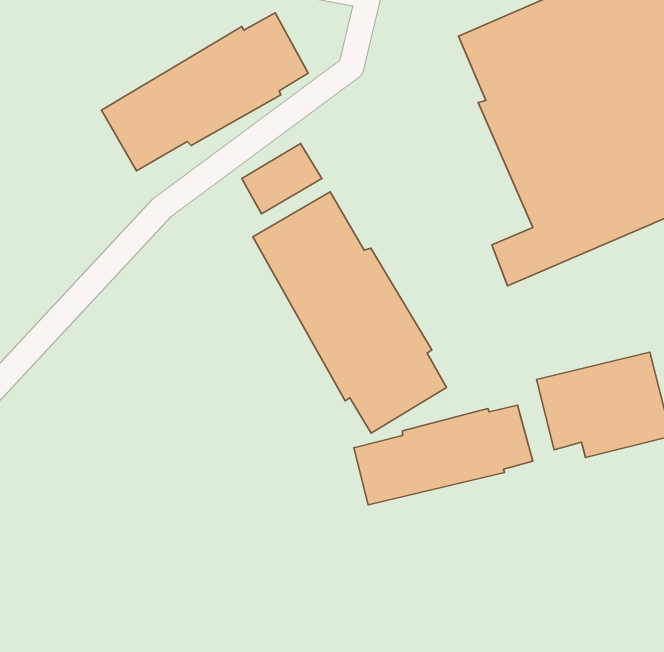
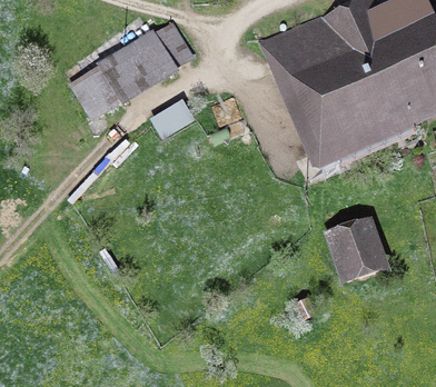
building: [253,192,446,433] -> none
building: [354,405,533,505] -> none

